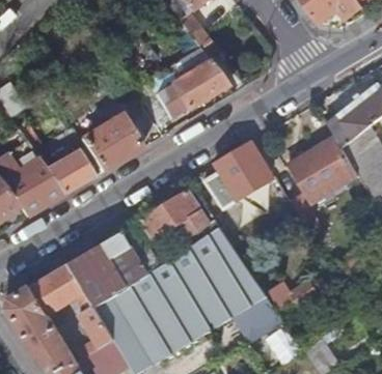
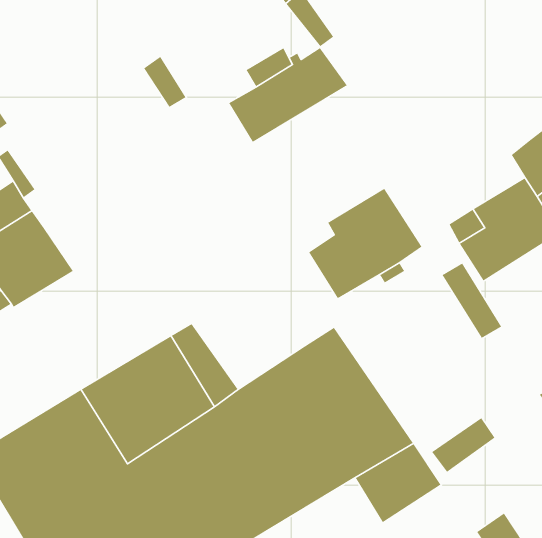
building: [80,115,140,171] -> none
building: [46,149,94,194] -> none
building: [141,193,219,239] -> none

